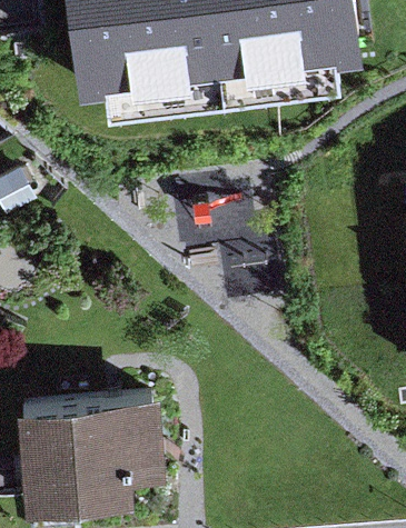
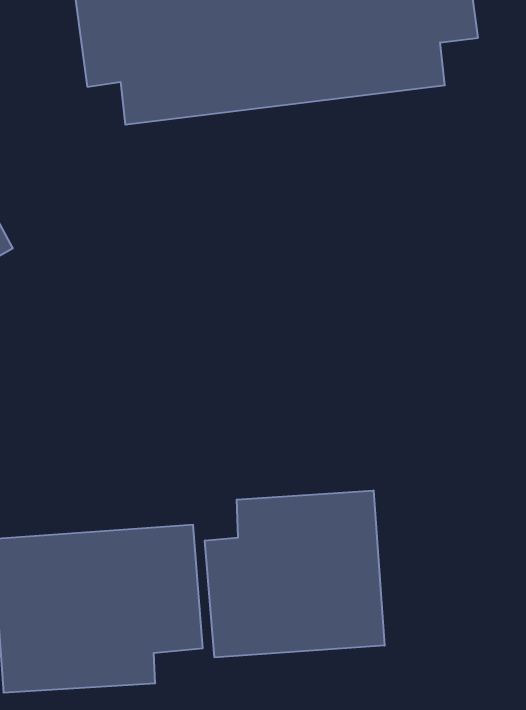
building: none -> [205,490,385,657]

